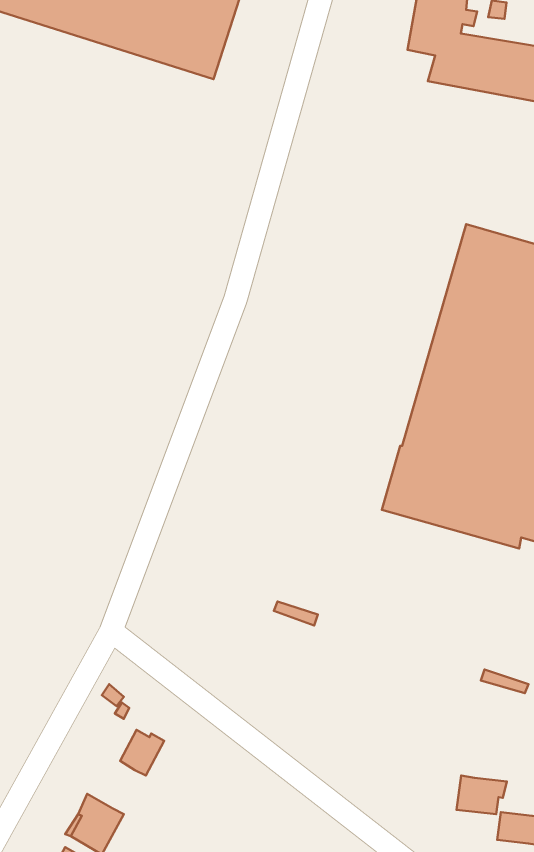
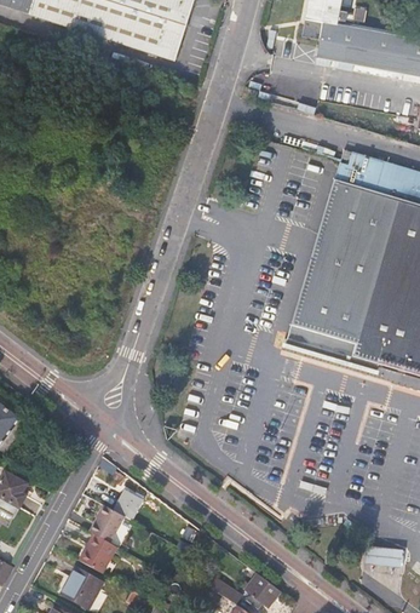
building: none -> [87,503,122,540]
building: [456,776,507,814] -> none

